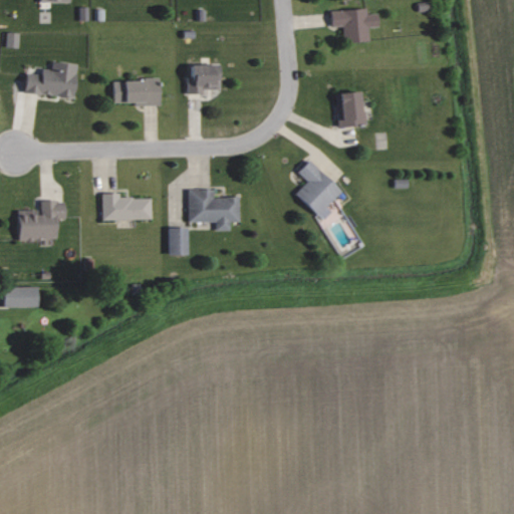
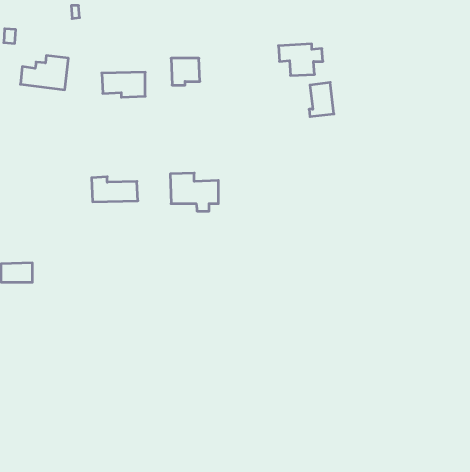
building: [331,8,379,42] -> [278,44,323,75]
building: [296,160,342,216] -> none
building: [18,201,65,240] -> none
building: [169,228,189,255] -> none

